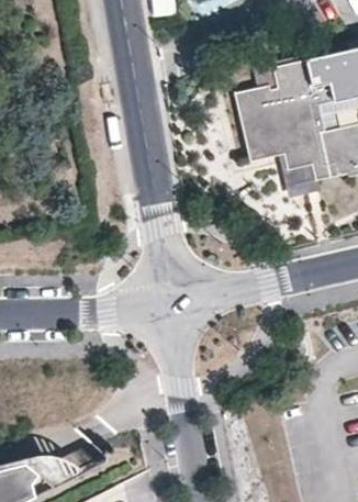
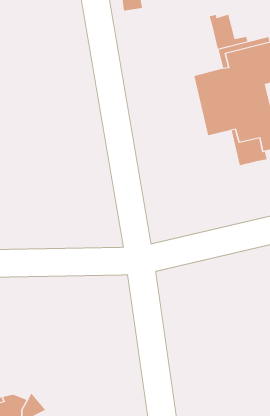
building: none -> [209,14,248,49]

